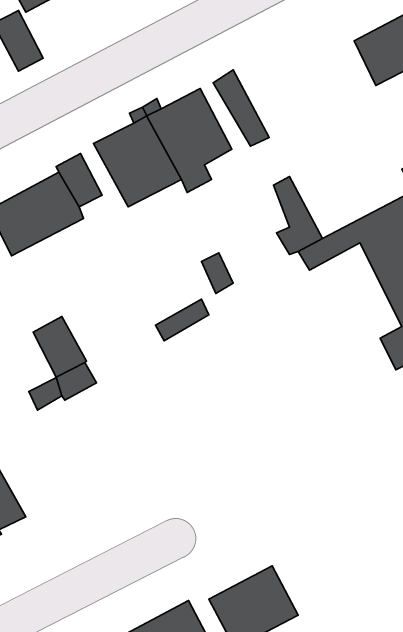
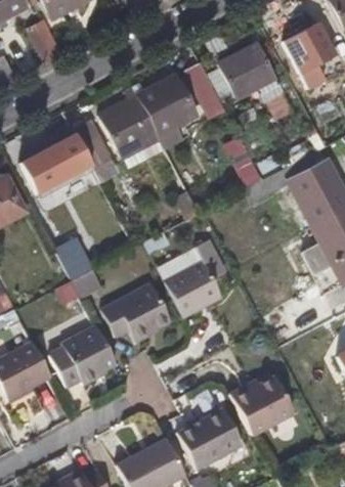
building: none -> [217,43,275,99]
building: none -> [163,260,221,316]
building: none -> [102,285,170,345]
building: none -> [44,319,115,382]
building: none -> [227,375,294,436]

